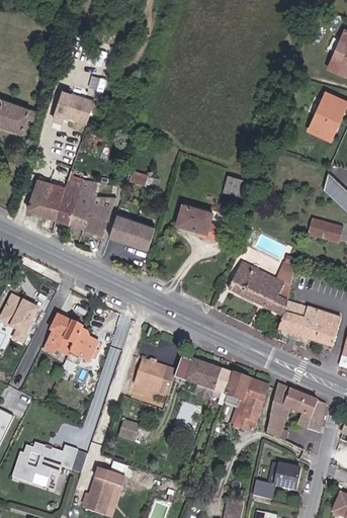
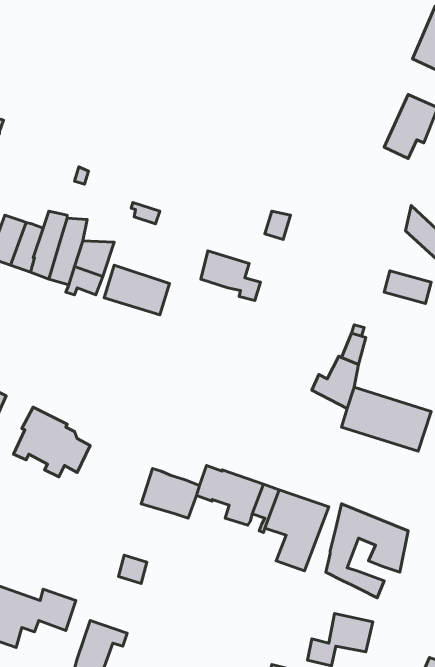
building: [54,91,93,123] -> none
building: [228,261,275,303] -> none

